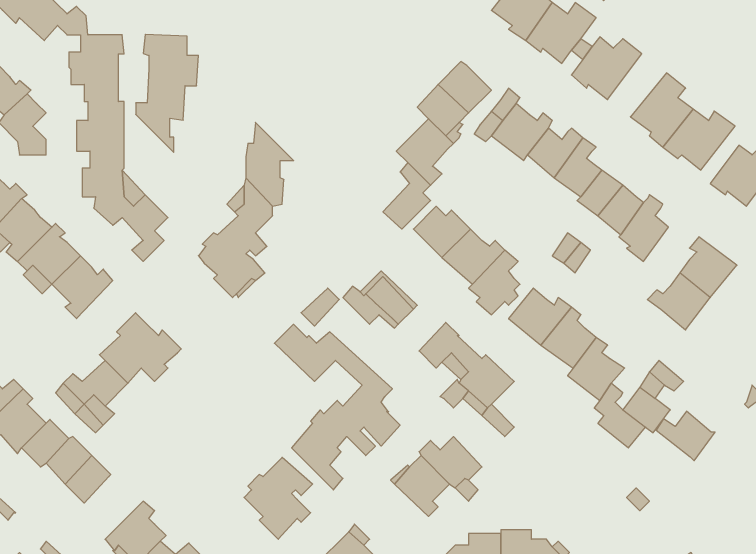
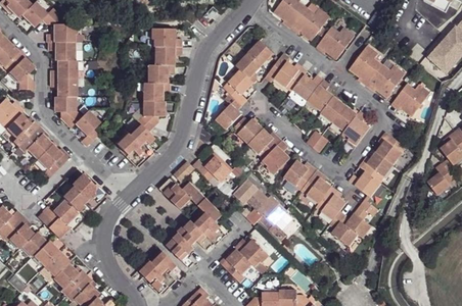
building: [136,34,198,152] -> [147,29,181,92]
building: [656,411,715,461] -> [349,171,380,198]
building: none -> [52,261,87,295]

